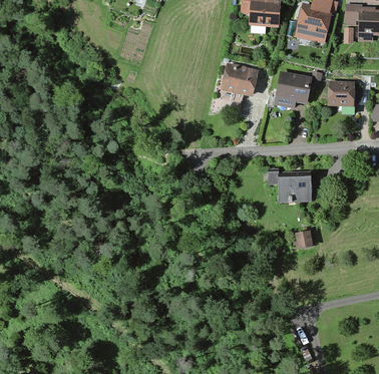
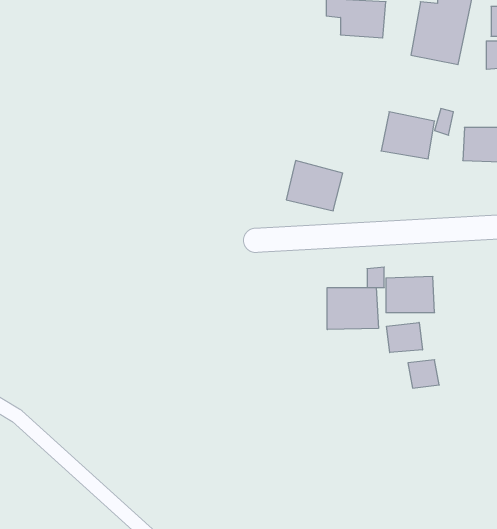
building: [221,63,257,95] -> [286,161,343,211]
building: none -> [327,288,378,330]
building: none -> [387,322,422,353]

